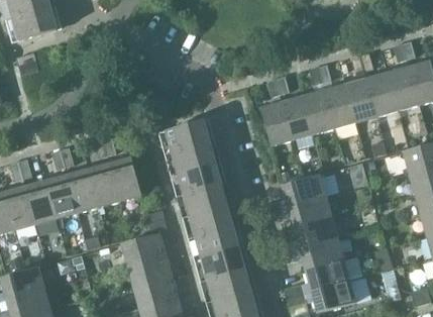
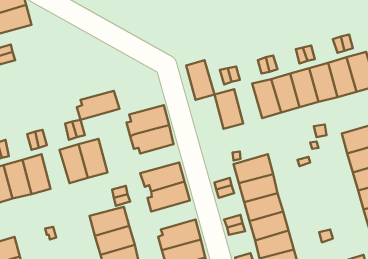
building: [283,95,314,139] -> [186,60,214,100]
building: [174,163,221,195] -> [77,91,119,120]
building: [68,169,99,212] -> none
building: [190,225,239,257] -> none

